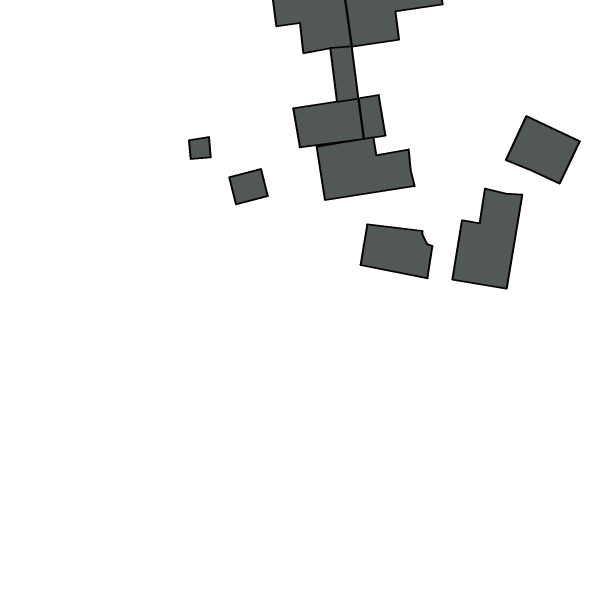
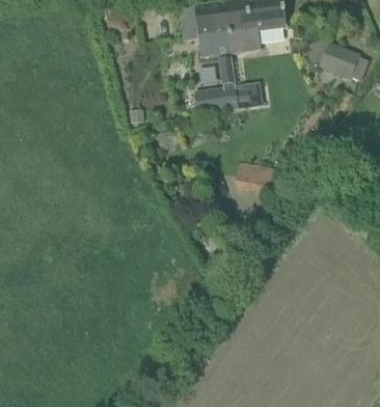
building: [506,116,580,183] -> [317,38,362,80]
building: [317,137,415,200] -> none
building: [453,189,522,289] -> none

